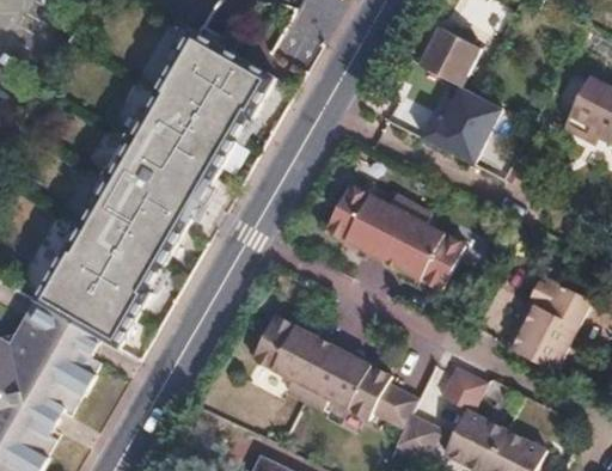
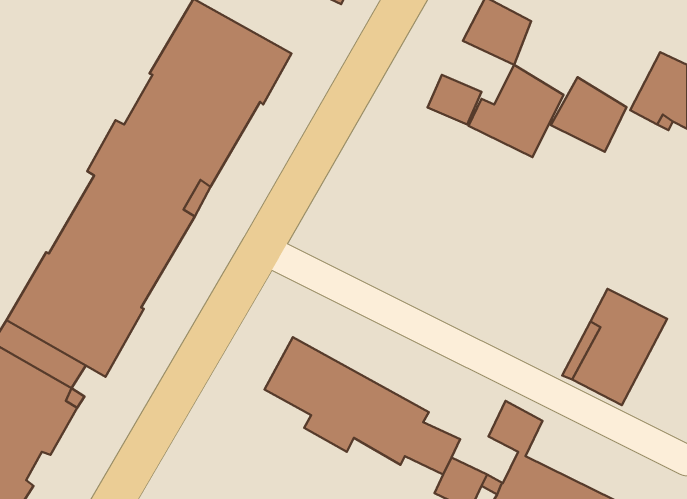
building: none -> [551,77,626,152]
building: [319,182,459,289] -> none

